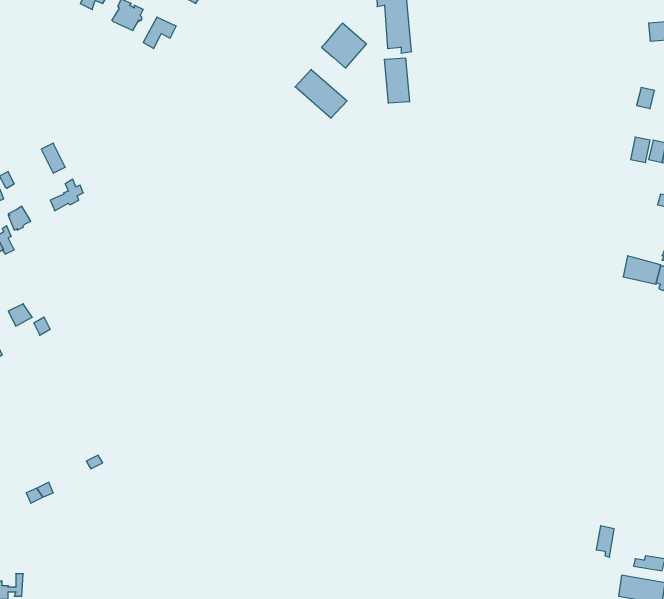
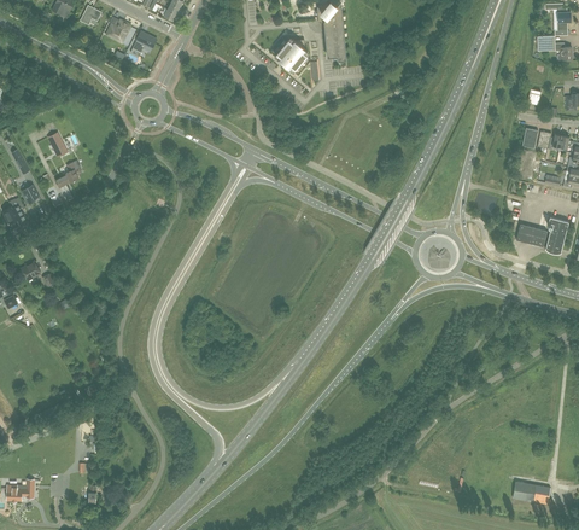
building: [384,58,409,103] -> none
building: [295,69,347,118] -> none

